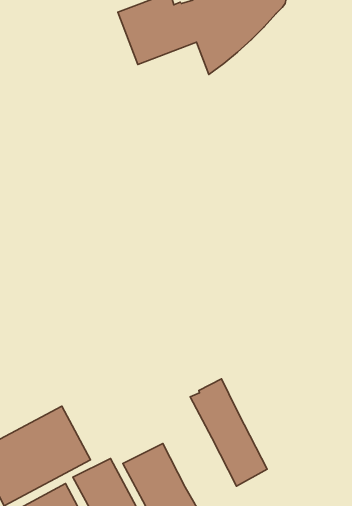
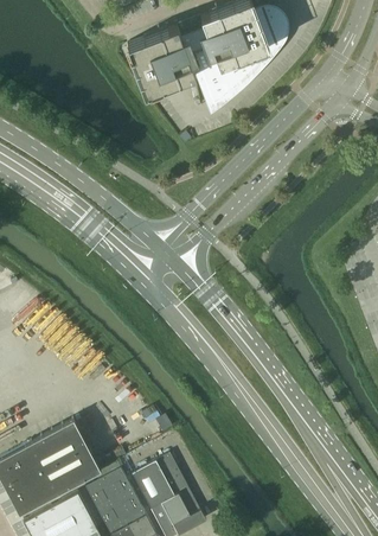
building: [190,379,267,486] -> none

